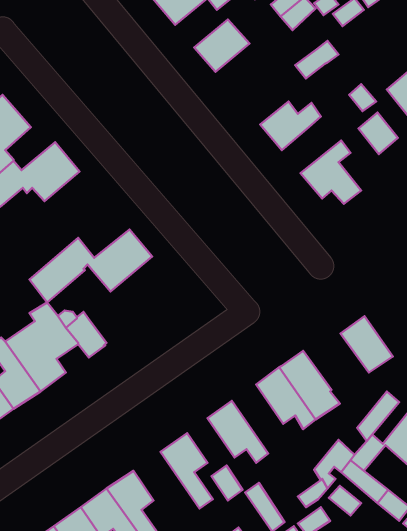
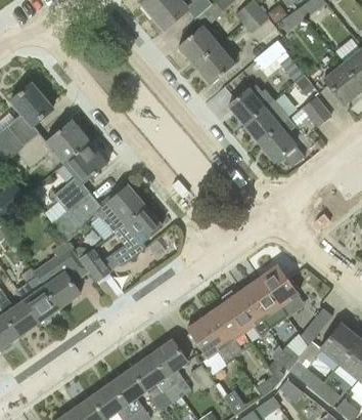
building: none -> [193,43,235,84]
building: none -> [243,98,288,141]
building: none -> [46,140,108,222]
building: none -> [111,205,162,265]
building: [340,316,393,373] -> [260,263,300,306]
building: none -> [206,302,244,354]
building: none -> [131,353,181,404]

